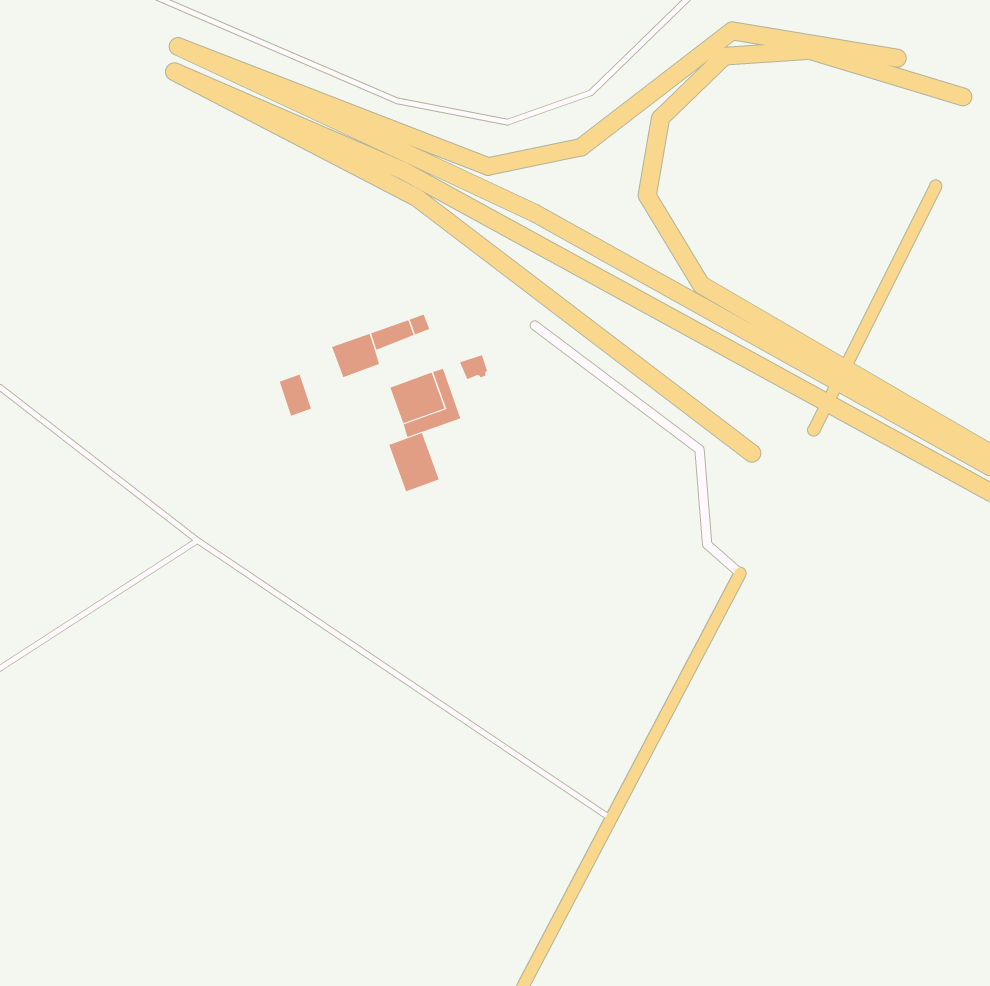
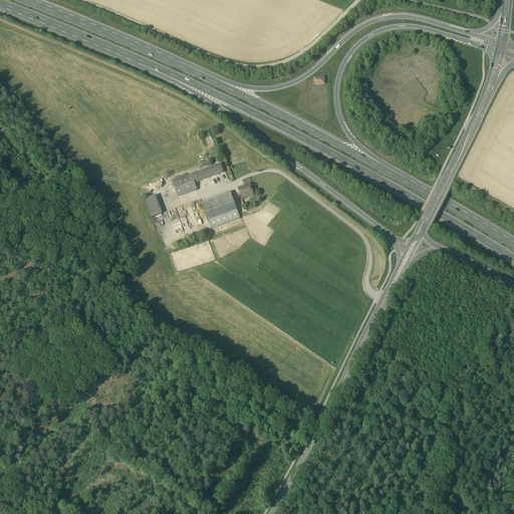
building: [389,432,439,492] -> none

